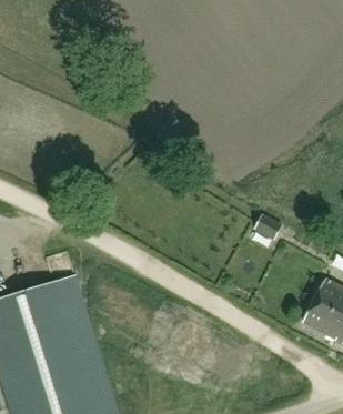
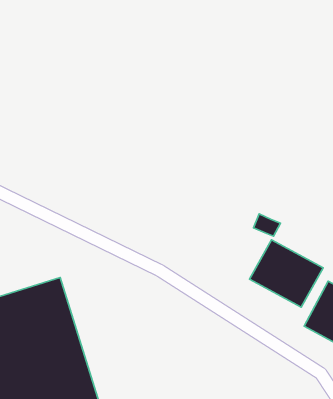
building: none -> [250,240,323,307]

